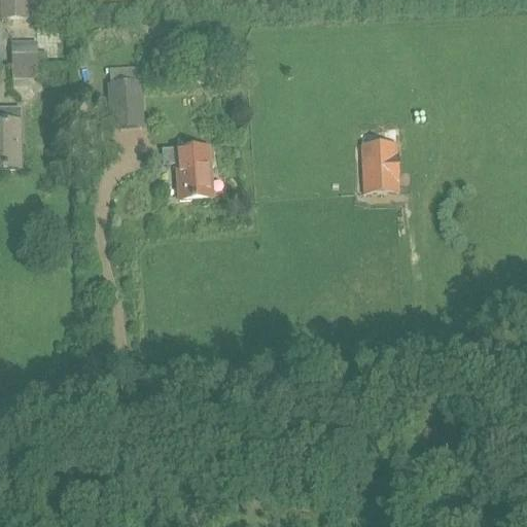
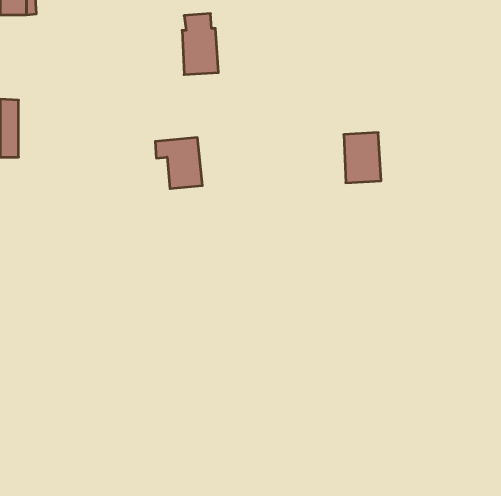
building: [11,37,39,76] -> none
building: [107,63,145,127] -> [182,14,218,75]

